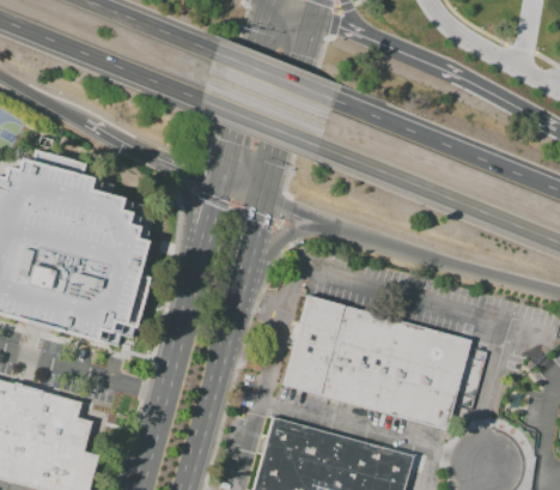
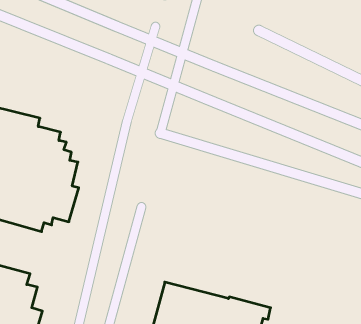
building: [284,295,471,429] -> none

